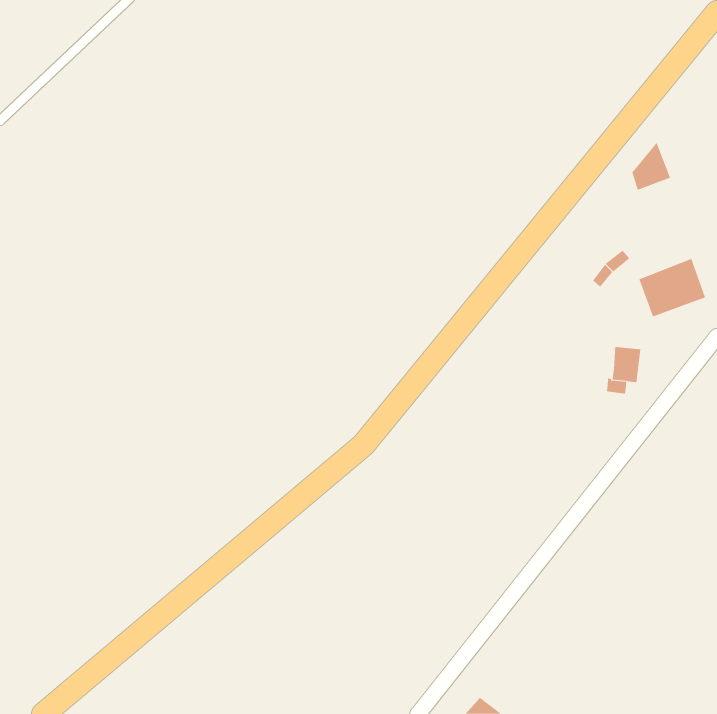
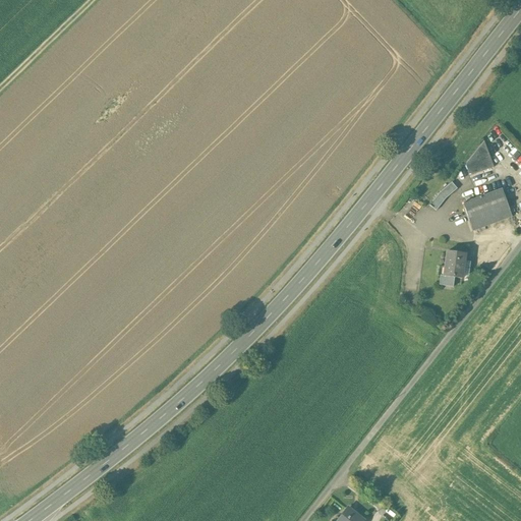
building: [632,141,671,190] -> [466,139,495,175]

